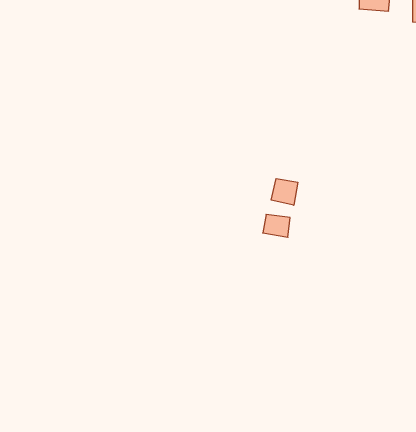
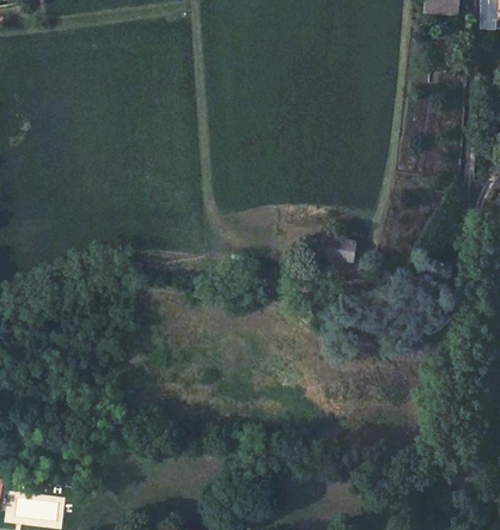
building: [271,179,298,205] -> none

